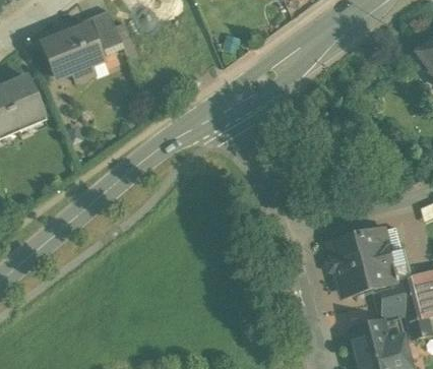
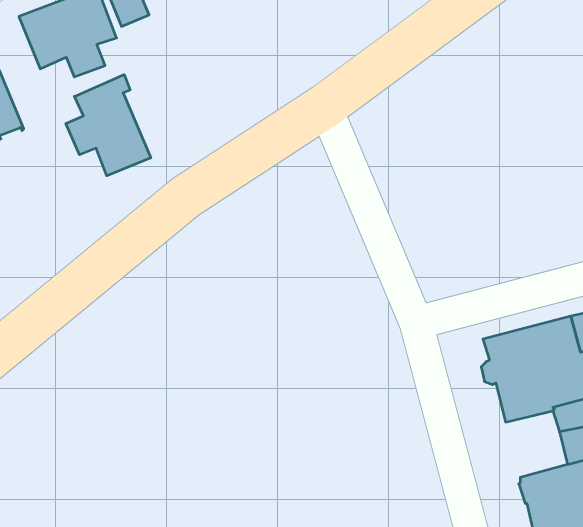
building: none -> [66,75,151,176]

